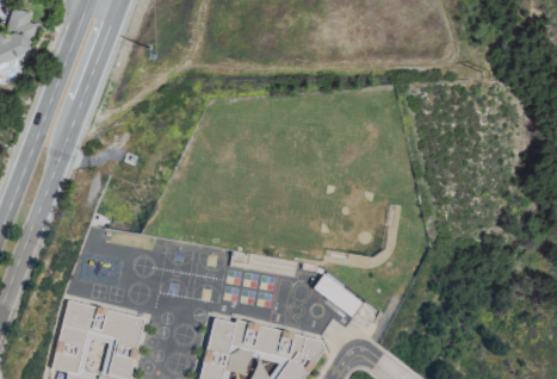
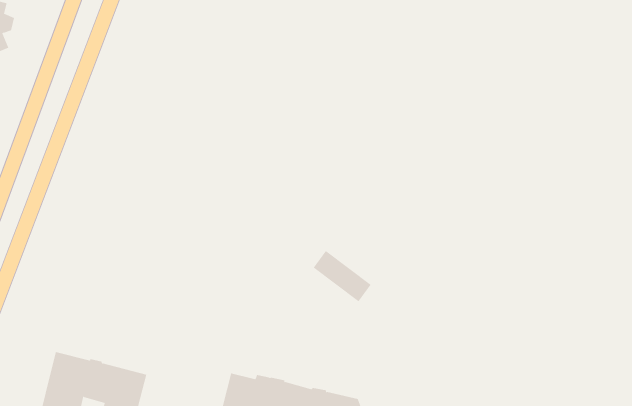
building: [314,274,363,317] -> [313,250,372,302]

